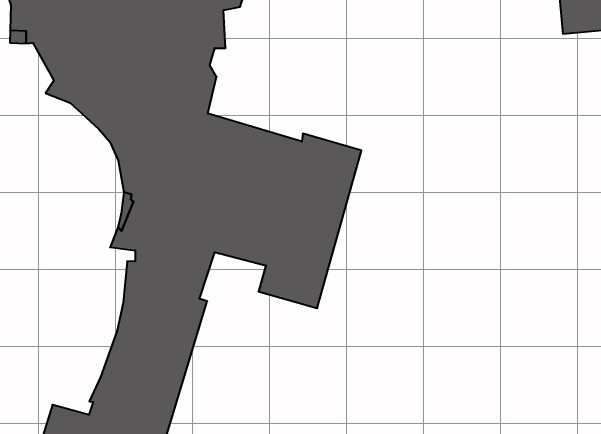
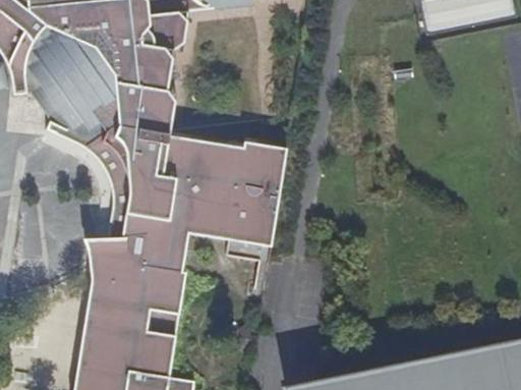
building: none -> [79,235,128,365]

